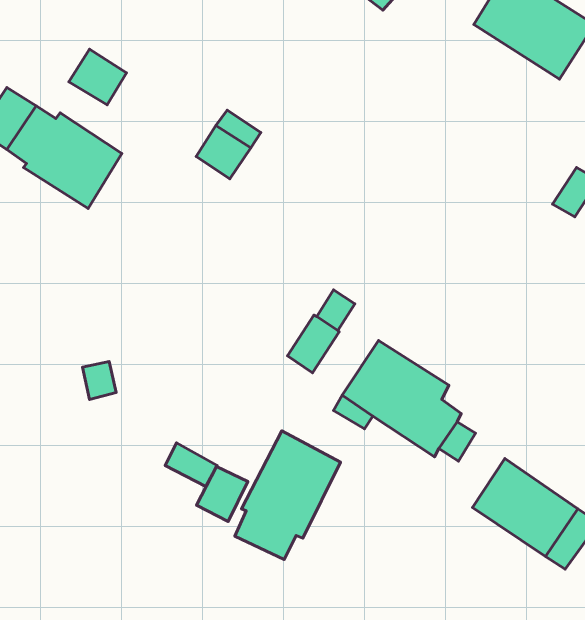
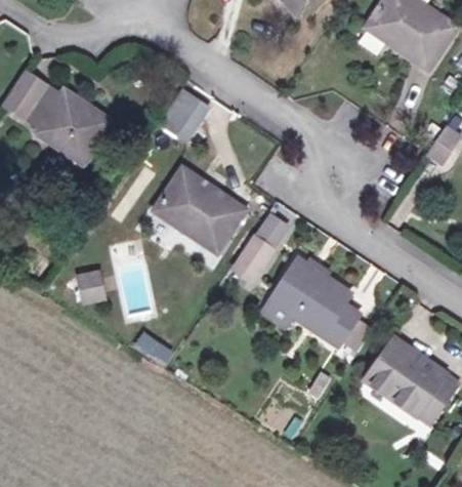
building: [69,49,126,105] -> none
building: none -> [156,168,243,249]
building: [235,431,341,559] -> none
building: [197,467,248,521] -> none

